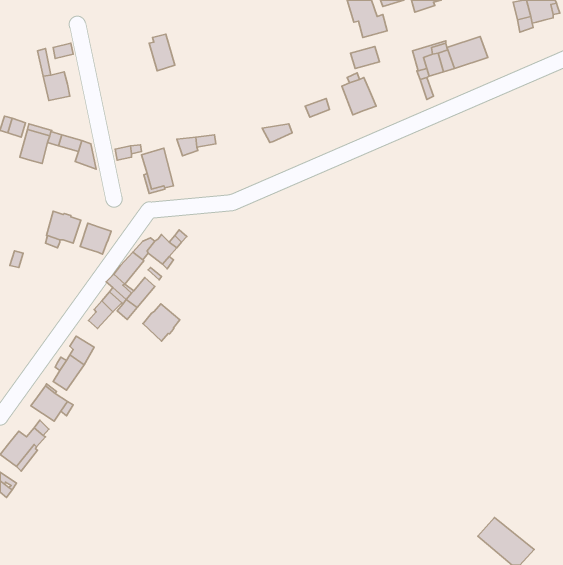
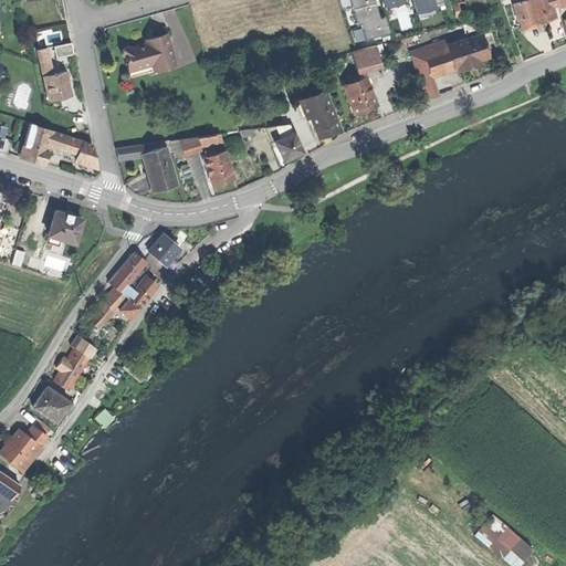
building: none -> [124,43,159,72]
building: none -> [312,109,340,137]
building: none -> [275,133,303,160]
building: none -> [205,153,234,186]
building: [80,223,111,254] -> none
building: [143,304,180,341] -> none

